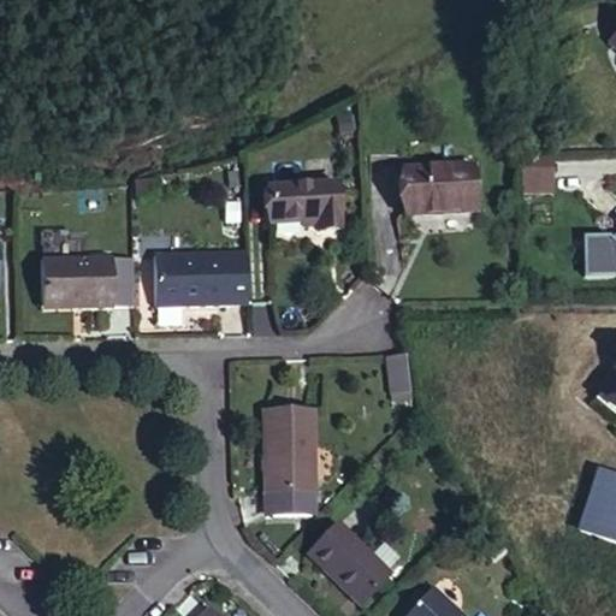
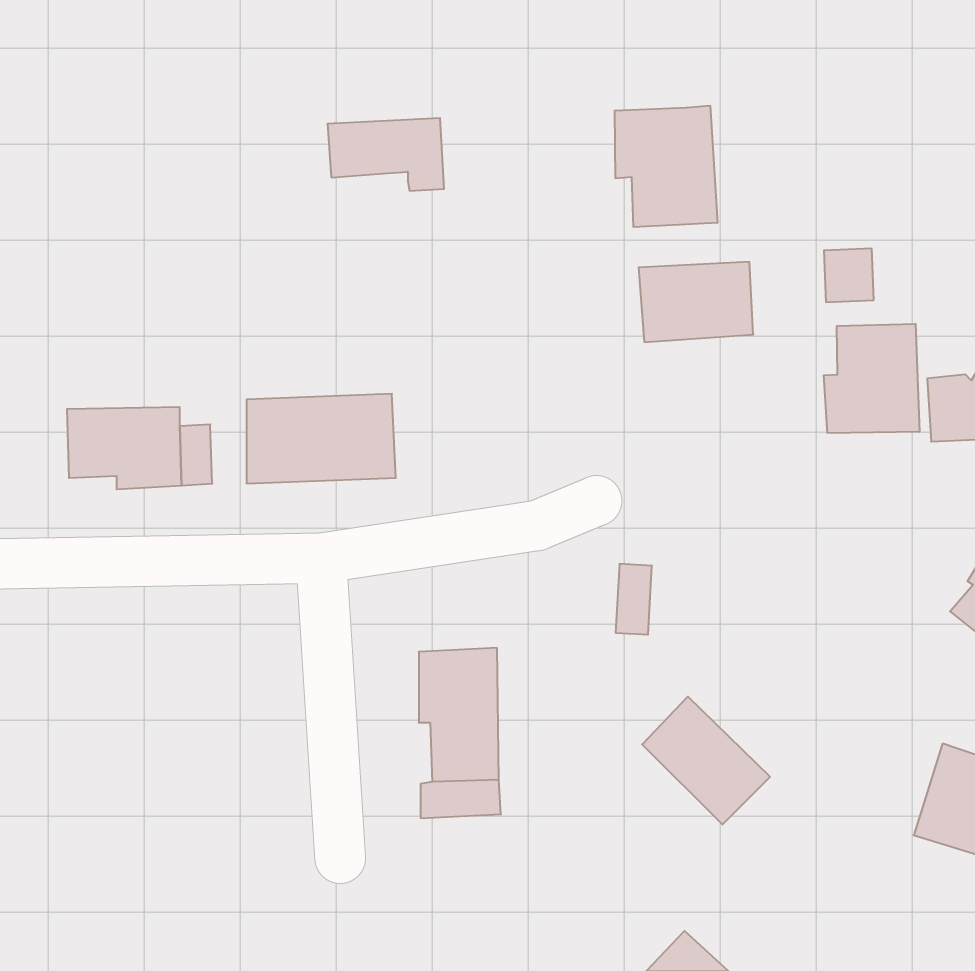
building: none -> [615,106,717,227]
building: [268,183,342,229] -> [327,118,444,191]
building: none -> [824,324,919,433]
building: [310,522,391,603] -> [642,697,770,825]

